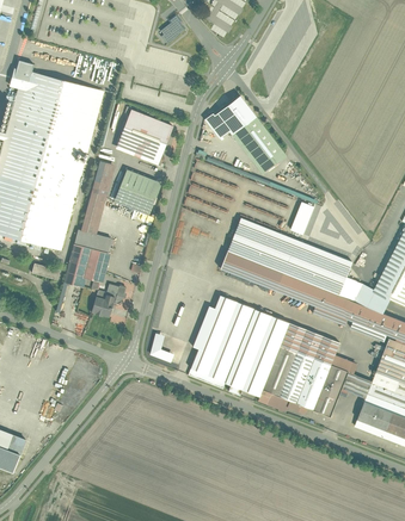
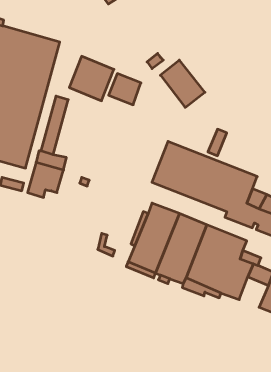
building: [117,172,158,211] -> [109,74,141,105]
building: [92,284,127,317] -> none

